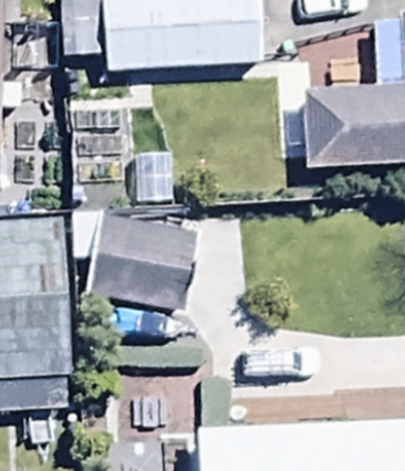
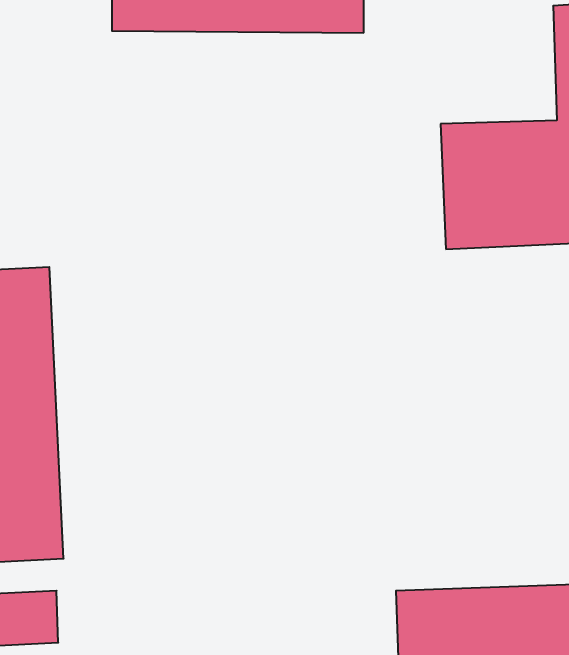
building: [80,193,197,289] -> none

